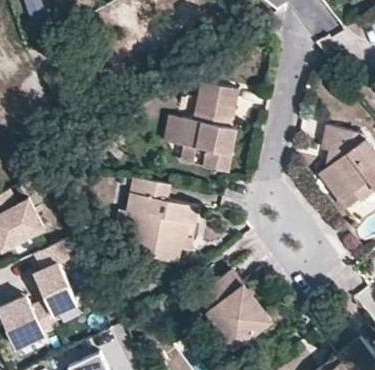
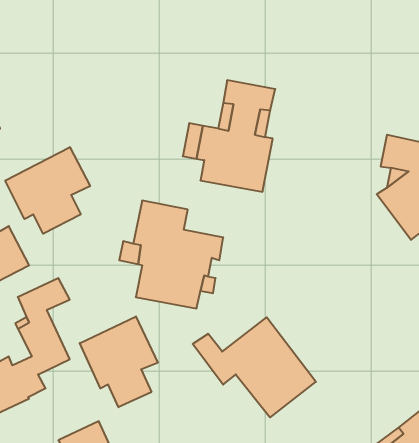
building: none -> [5,147,90,234]
building: none -> [80,316,158,407]

